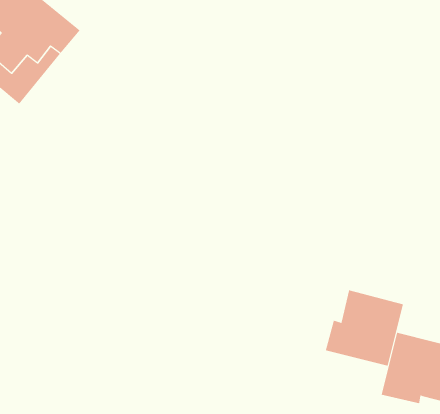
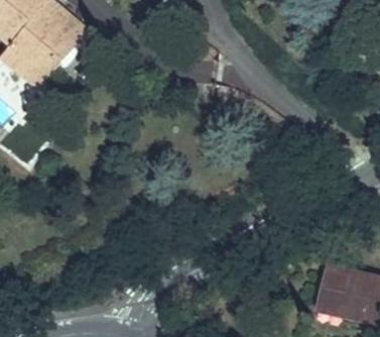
building: [325,290,404,367] -> none

